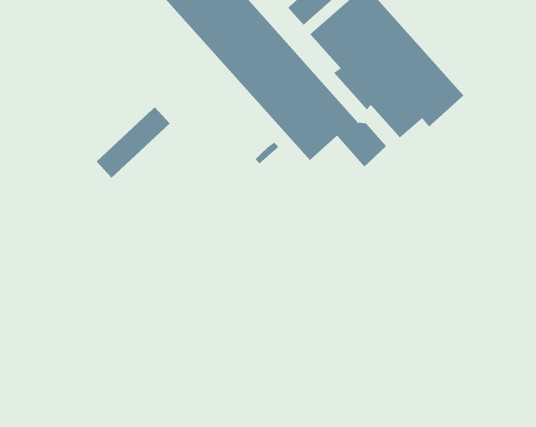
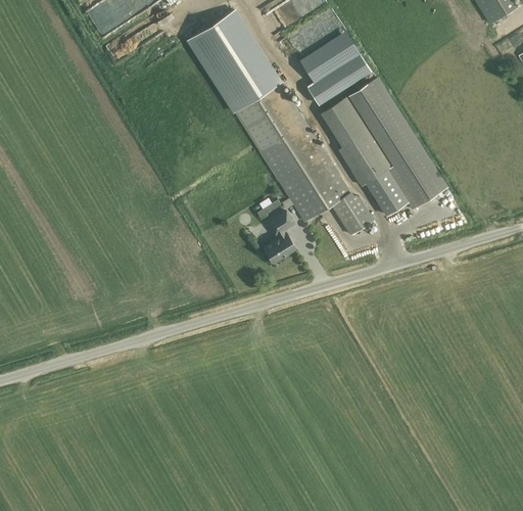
building: [96,106,171,179] -> none
building: none -> [264,212,295,263]

